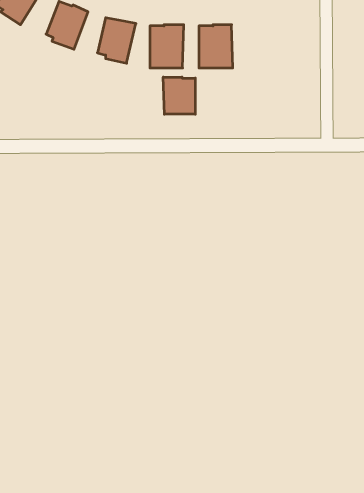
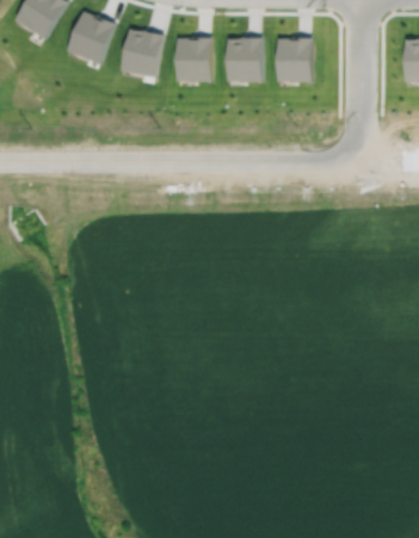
building: none -> [278,37,313,81]
building: [163,77,195,114] -> none

